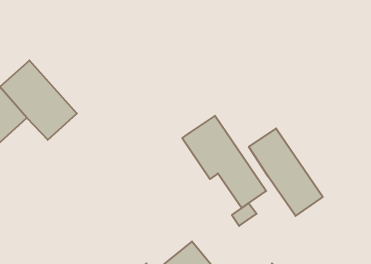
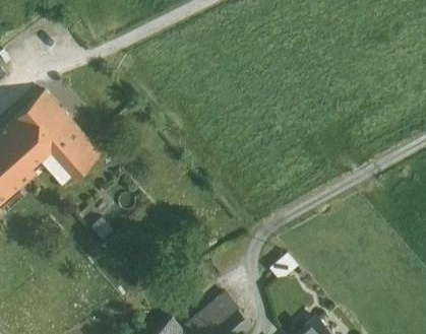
building: [182,116,266,208] -> none
building: [249,128,323,216] -> none

